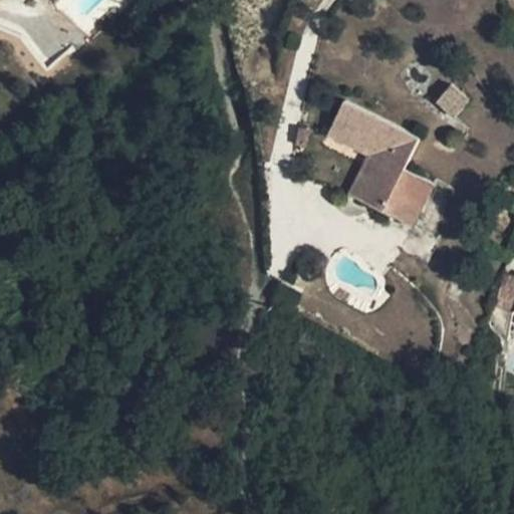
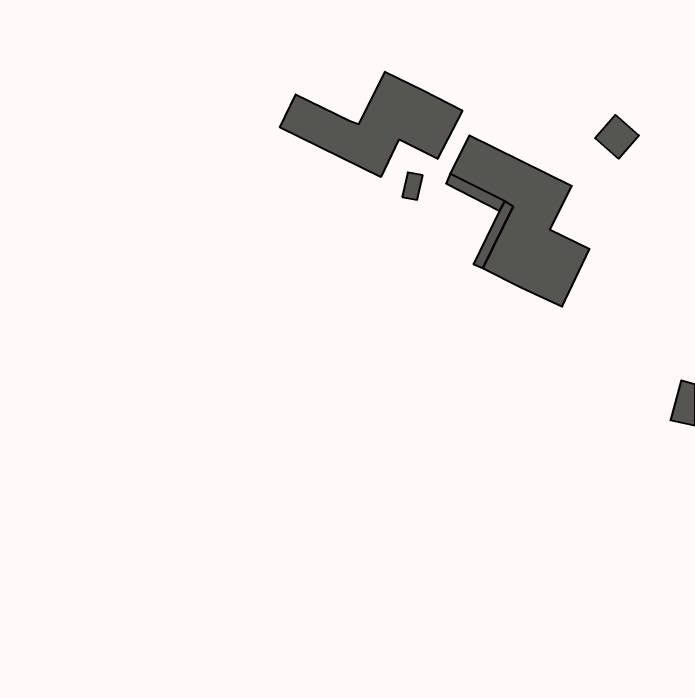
building: none -> [280,72,462,177]

